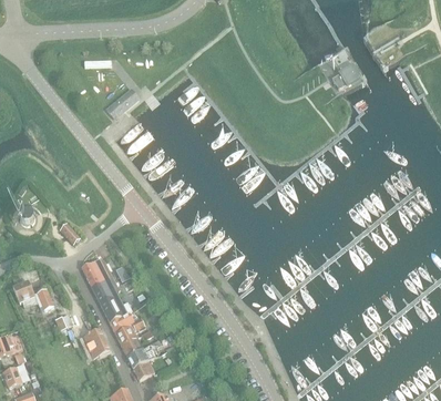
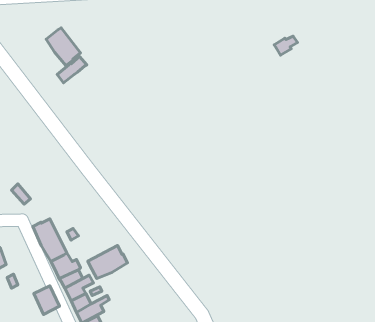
building: none -> [46,28,81,65]
building: none -> [88,245,128,279]

